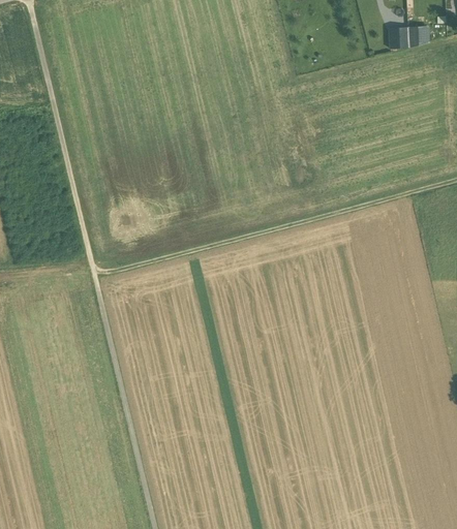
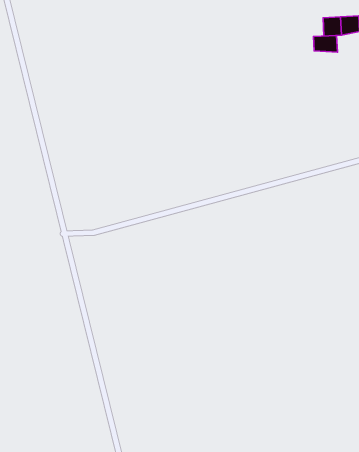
building: none -> [314,35,337,52]

